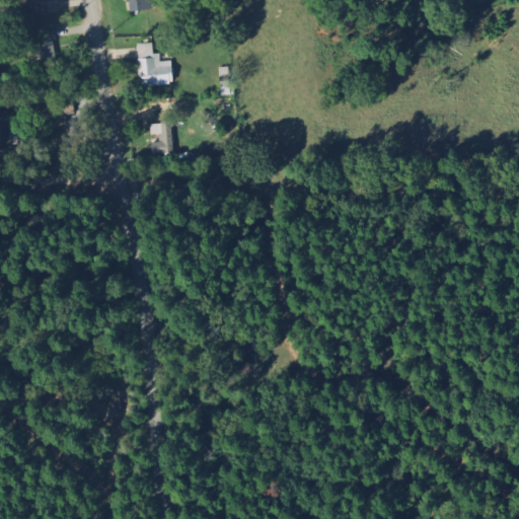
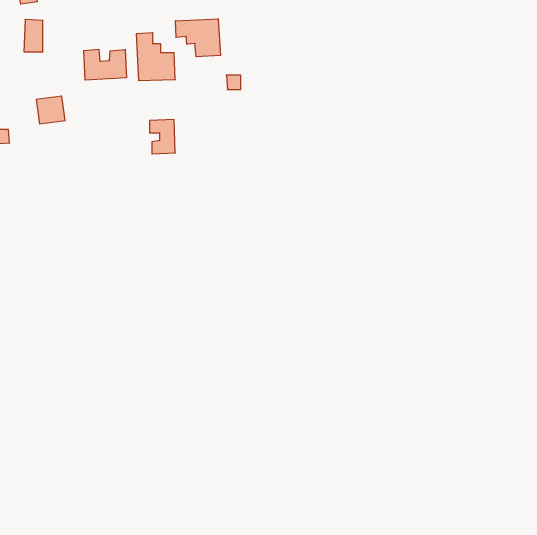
building: none -> [176,19,220,57]
building: none -> [84,49,126,80]

